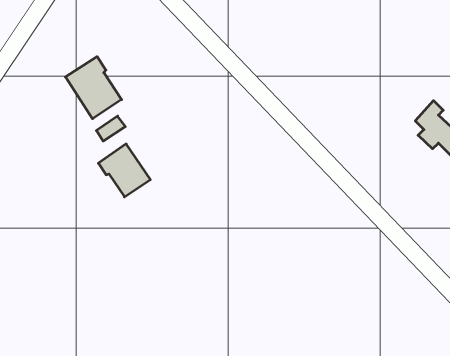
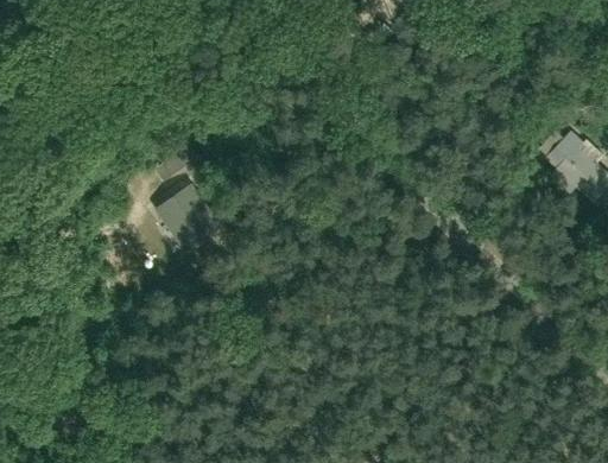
building: [65,57,122,119] -> none

